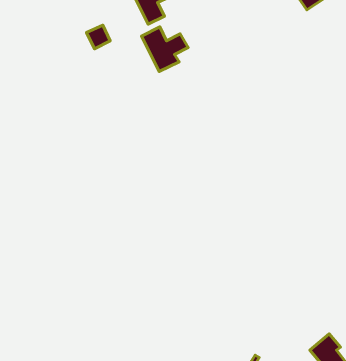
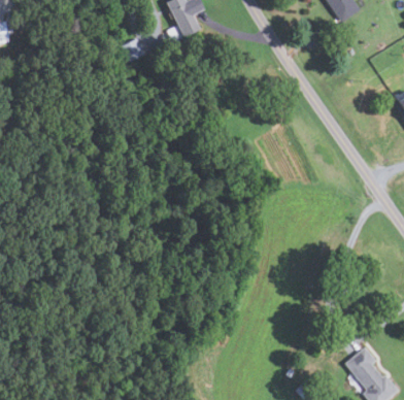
building: [141,27,188,71] -> none

